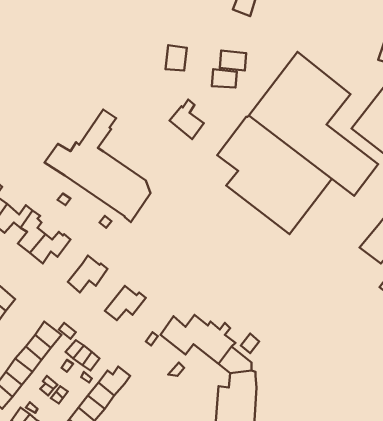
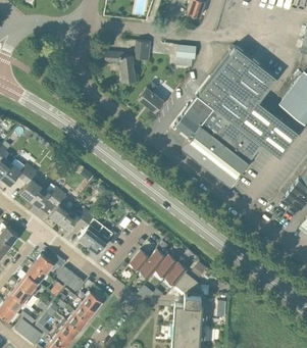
building: none -> [105,52,136,83]
building: [45,110,151,222] -> none
building: none -> [49,191,70,223]
building: none -> [79,213,103,246]

